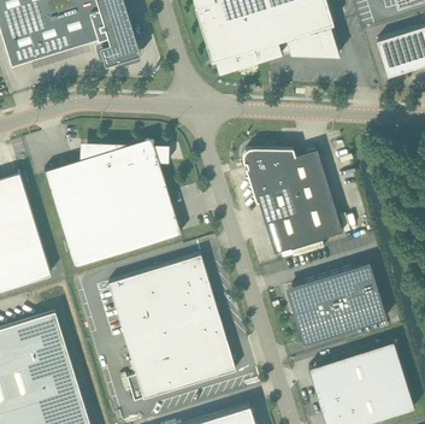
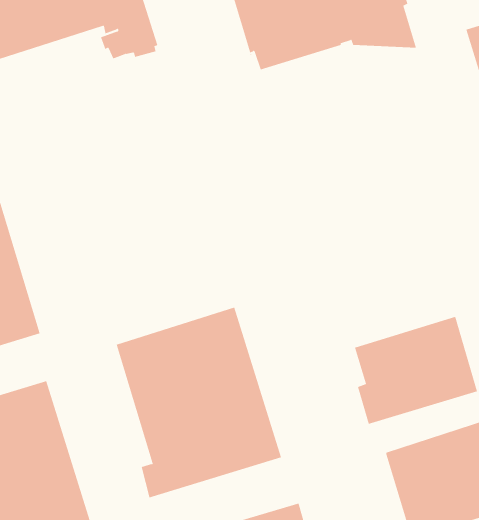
building: [43,145,181,269] -> none
building: [244,149,342,254] -> none

